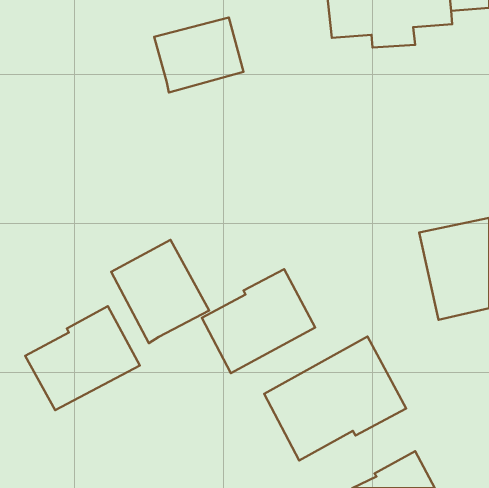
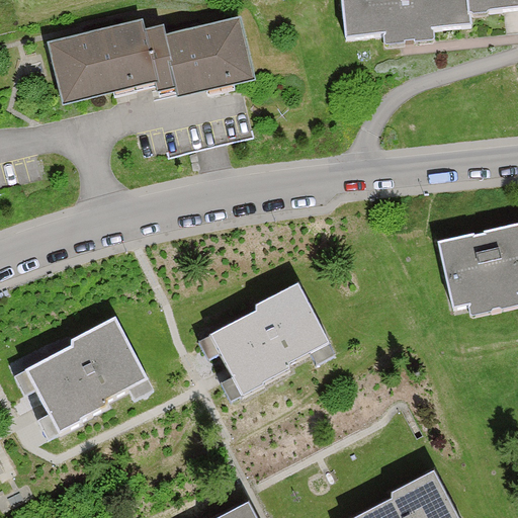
building: none -> [49,20,174,102]
building: [111,240,209,343] -> none
building: [264,337,406,460] -> none

